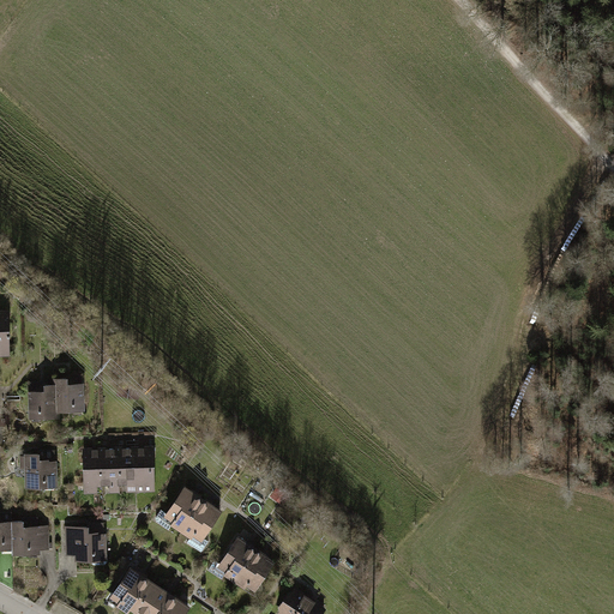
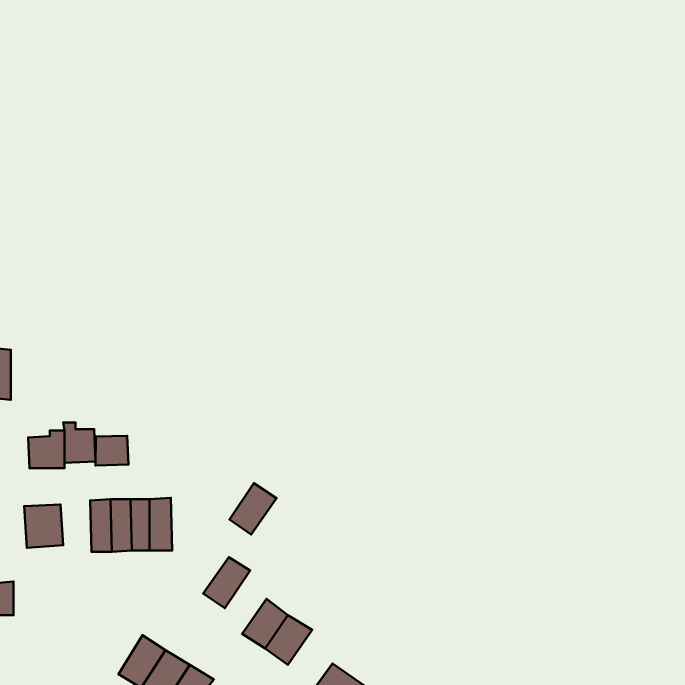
building: none -> [96,436,128,465]
building: [162,486,204,531] -> [230,483,277,534]
building: [12,520,47,556] -> none
building: [61,526,106,562] -> none

